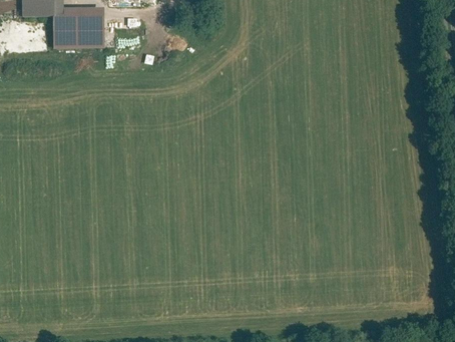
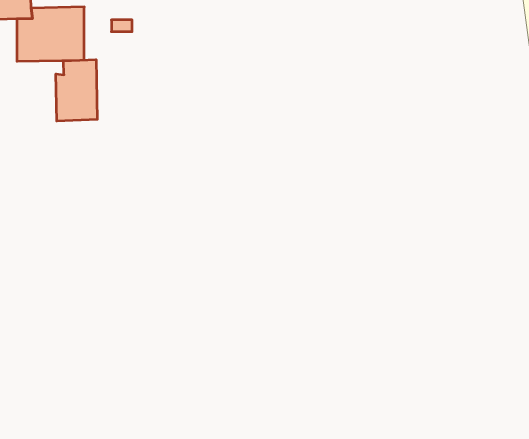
building: none -> [56,60,97,121]

